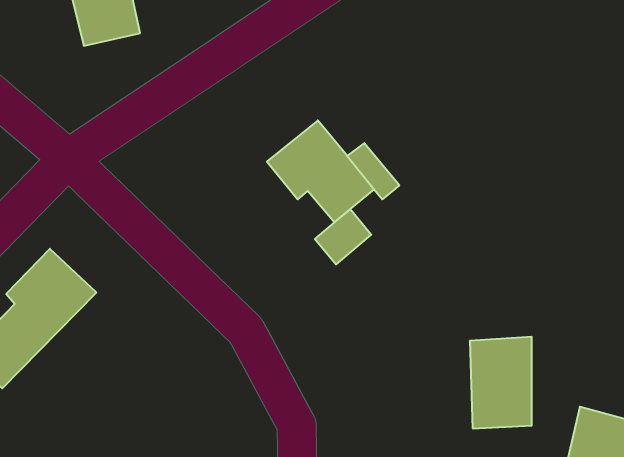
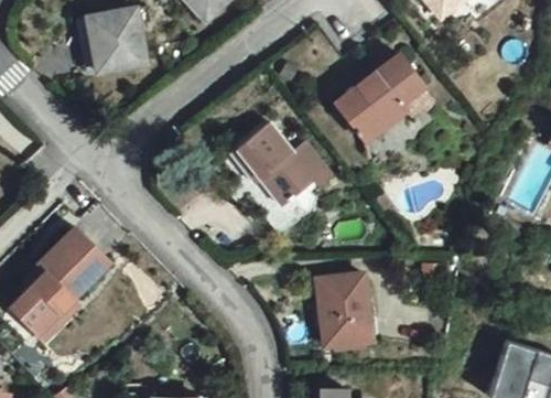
building: none -> [342,51,430,141]
building: [470,337,532,428] -> [323,280,371,352]

